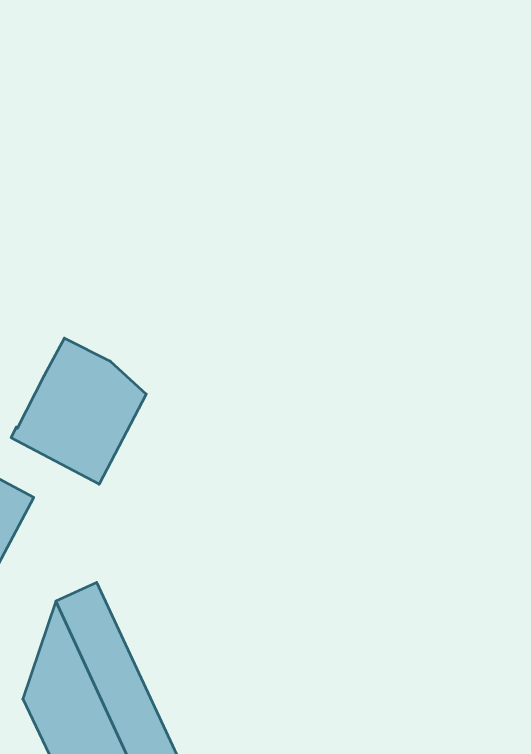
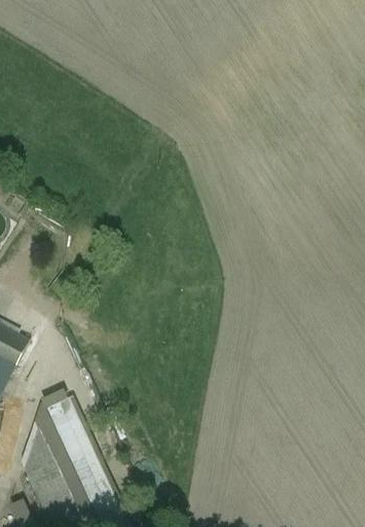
building: [11,338,146,484] -> none

